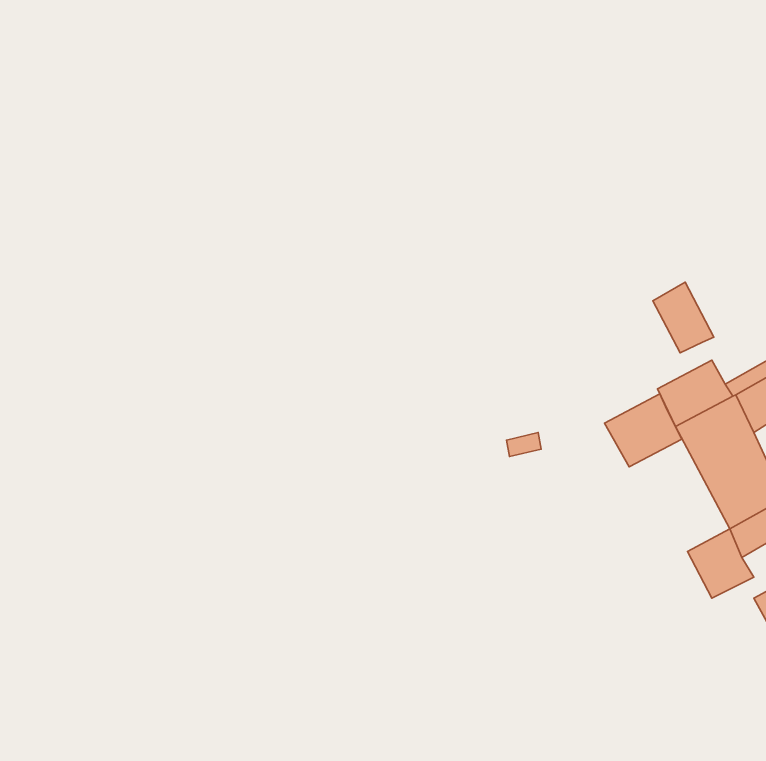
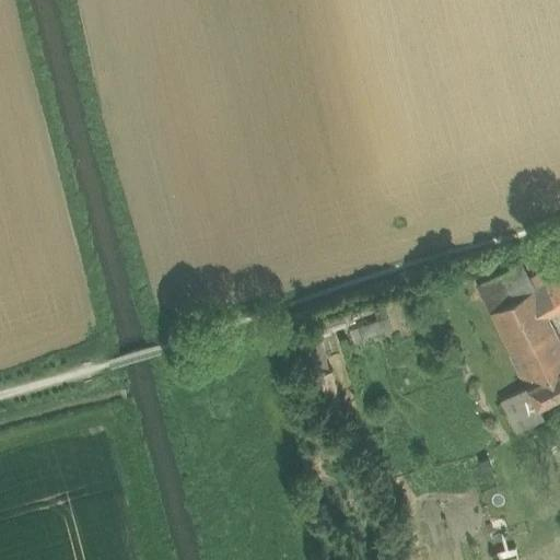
building: [653,282,714,353] -> none
building: [604,394,682,467] -> none

